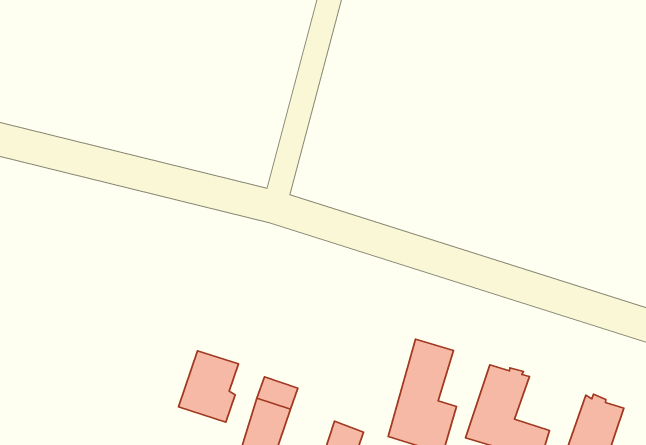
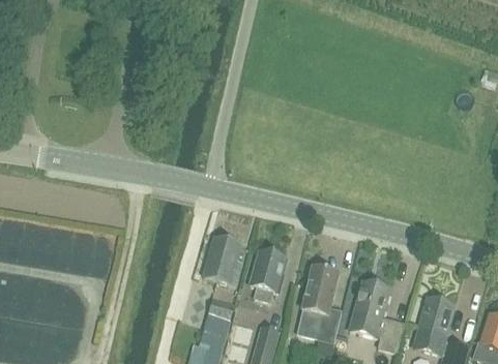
building: none -> [248,249,285,301]
building: [179,351,238,422] -> [202,237,240,283]

